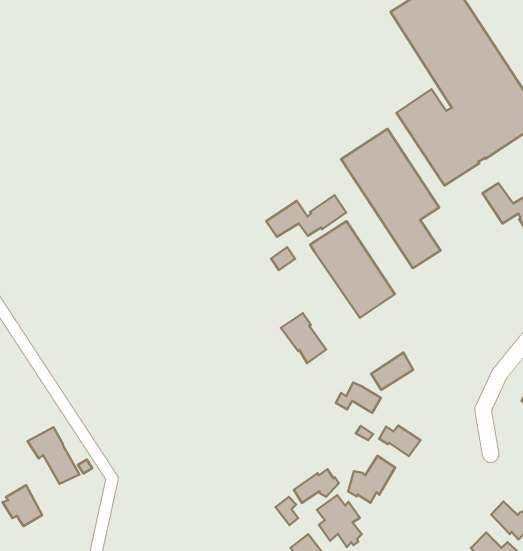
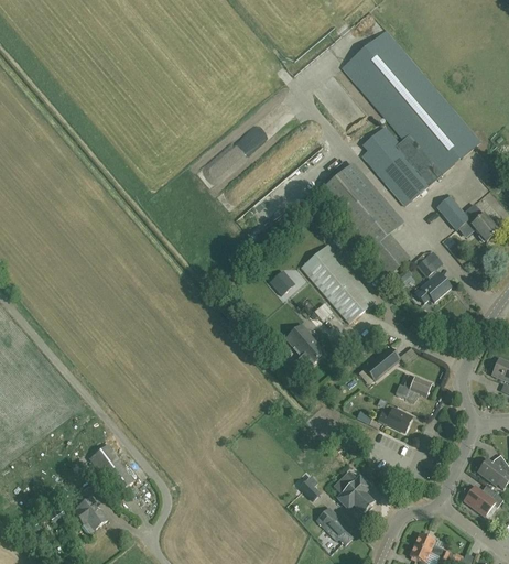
building: [266,195,346,237] -> none
building: none -> [414,257,450,302]
building: [336,382,381,413] -> [394,373,431,397]
building: [348,456,395,503] -> none
building: [294,469,339,503] -> none

